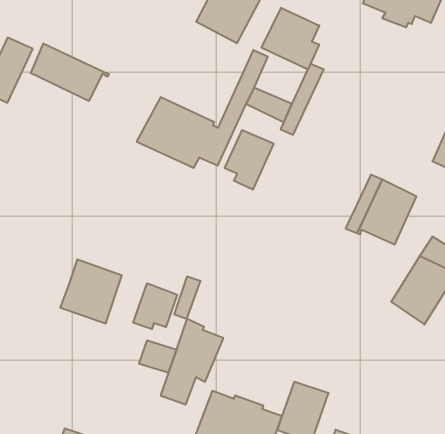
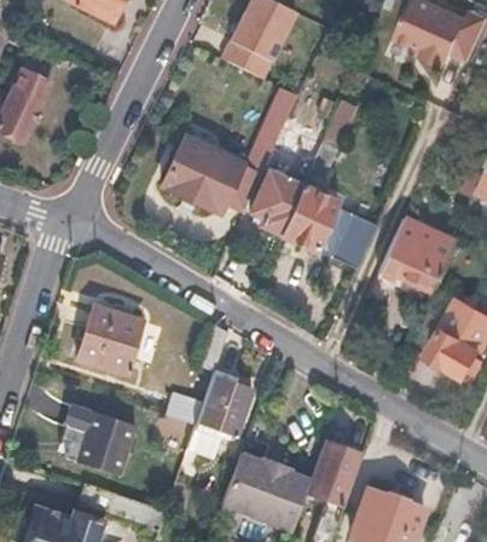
building: [262,8,319,69] -> none
building: [31,43,109,101] -> none
building: none -> [280,186,338,253]
building: none -> [331,212,378,271]
building: [133,283,177,329] -> none
building: none -> [73,414,133,479]

